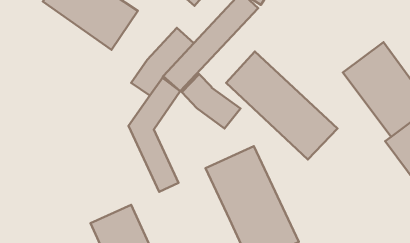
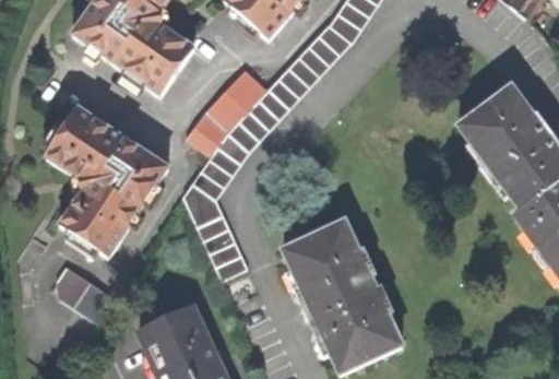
building: [226,52,337,159] -> none
building: none -> [46,106,168,256]
building: [182,74,240,128] -> none
building: none -> [58,265,115,321]

